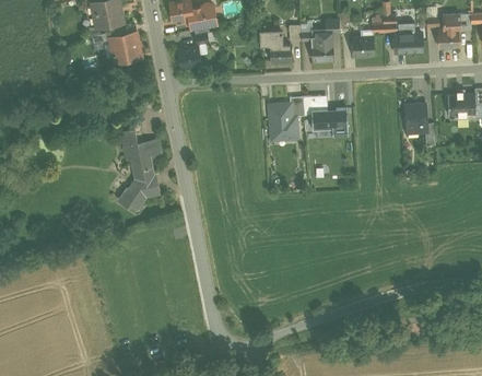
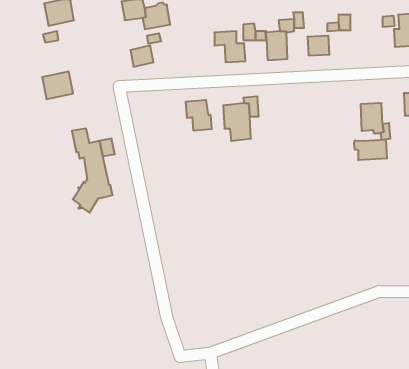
building: [395,33,422,51] -> none
building: [109,34,140,61] -> [42,72,73,99]
building: none -> [186,100,212,131]
building: [310,107,348,138] -> none
building: none -> [354,139,387,160]

